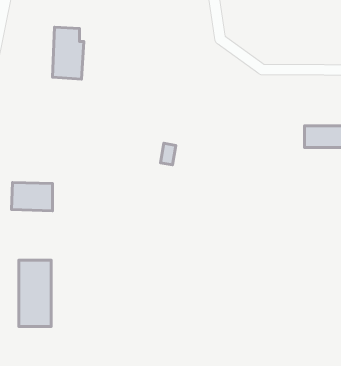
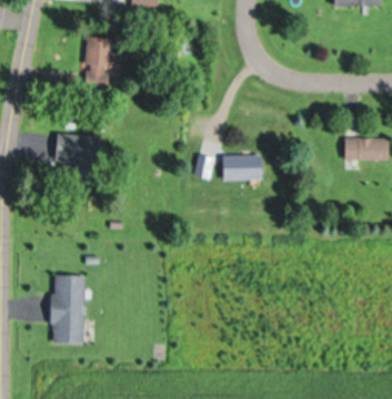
building: none -> [222,155,262,181]
building: [11,183,52,211] -> [54,134,97,163]

